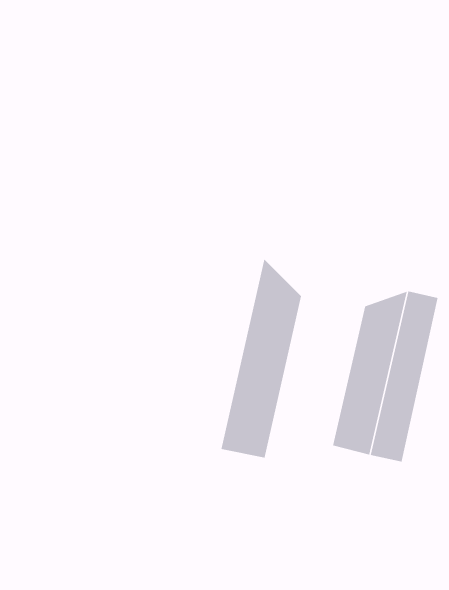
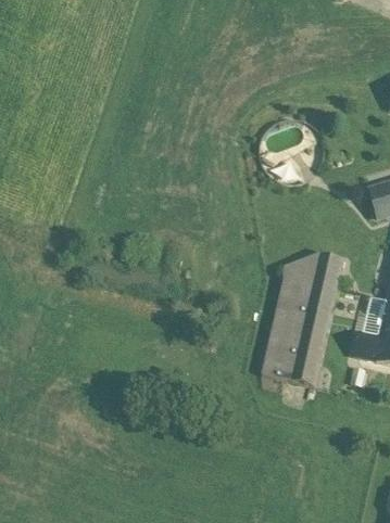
building: [220,258,302,459] -> none

